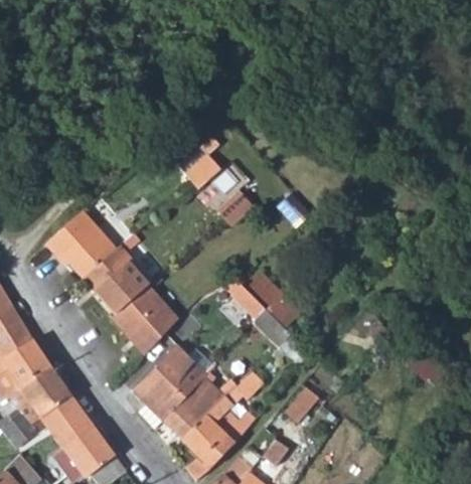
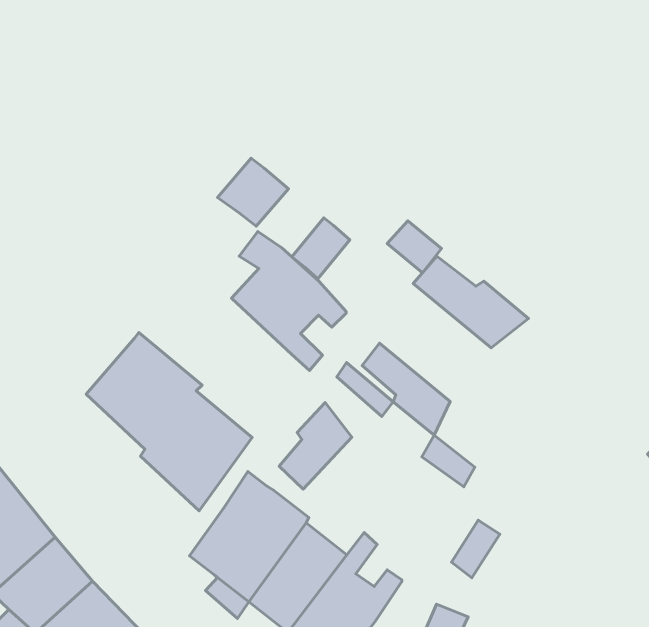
building: none -> [232,231,346,371]
building: [45,215,114,282] -> none
building: none -> [413,256,529,348]
building: none -> [279,403,352,489]

